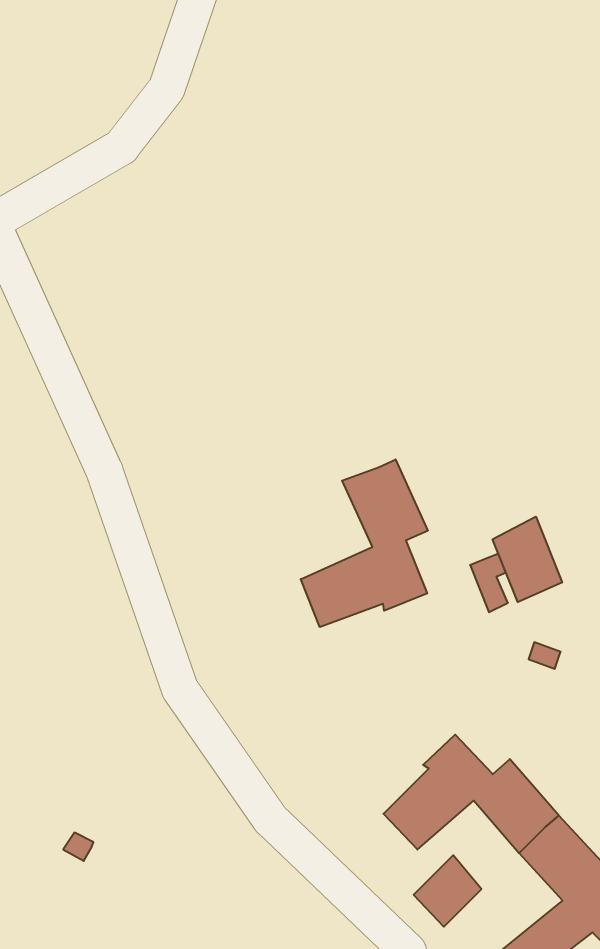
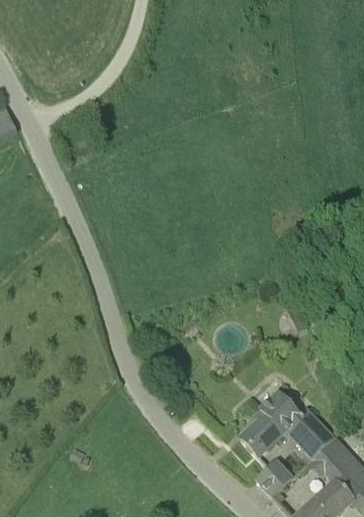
building: [301,459,428,627] -> none
building: [493,517,562,602] -> none

